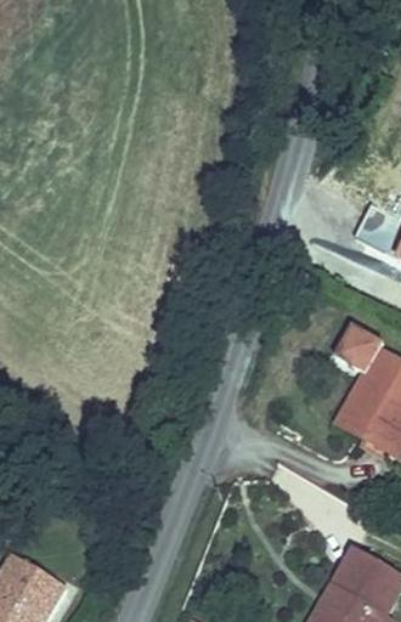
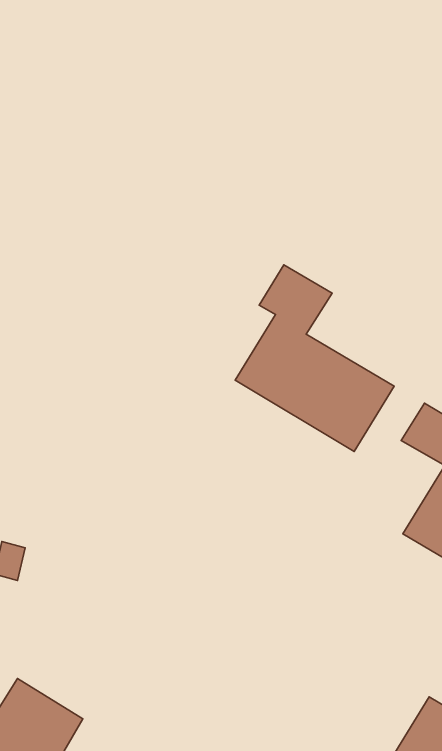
building: none -> [235,265,394,452]

